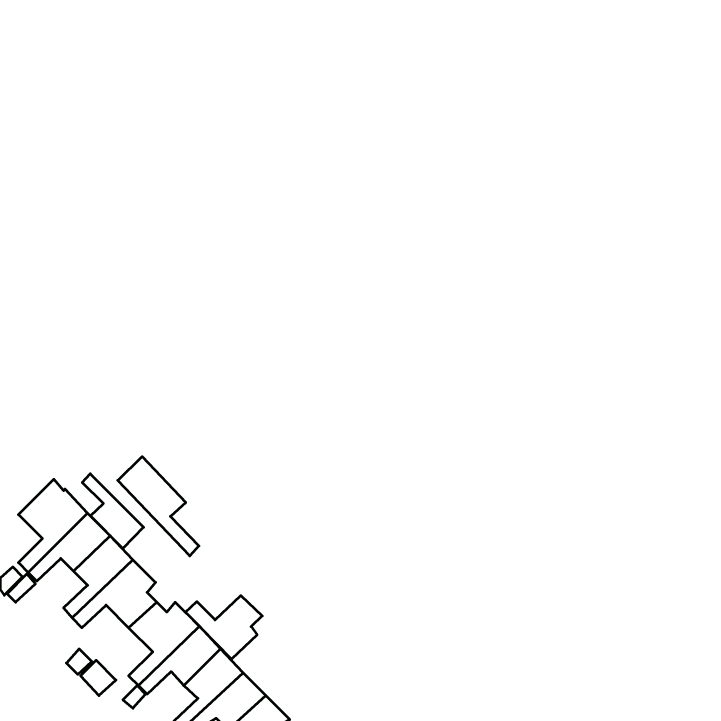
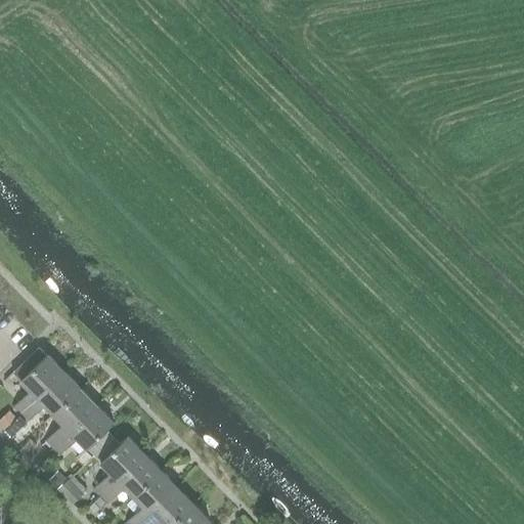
building: [118,457,199,556] -> none
building: [82,474,144,548] -> none
building: [186,596,262,659] -> none

